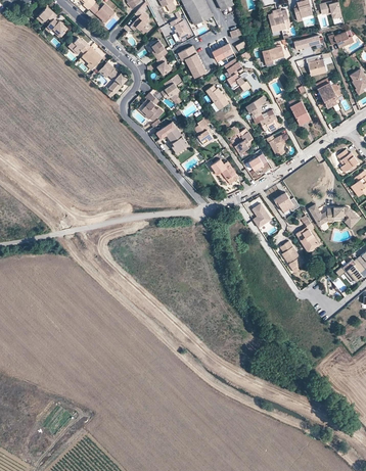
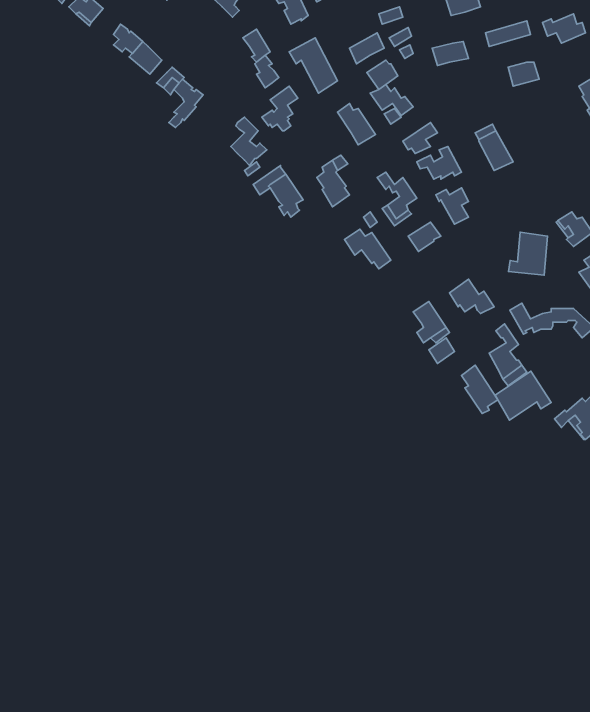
building: [316,79,342,107] -> none
building: none -> [508,232,547,275]
building: none -> [495,371,551,420]

